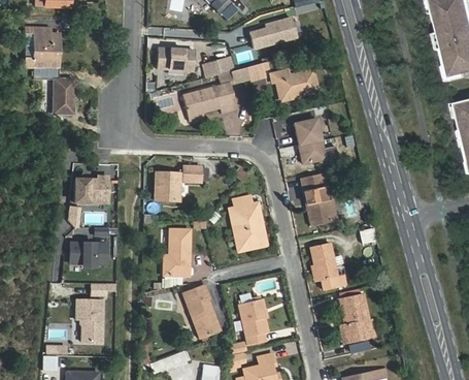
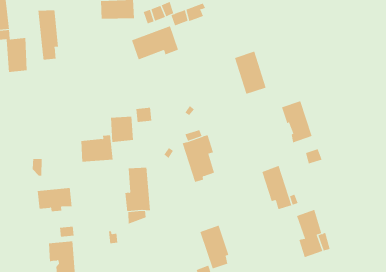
building: none -> [38,10,59,61]
building: [270,69,319,99] -> none
building: [73,176,107,202] -> [80,135,113,162]
building: [302,180,332,224] -> [281,100,312,143]
building: [182,284,220,335] -> none

